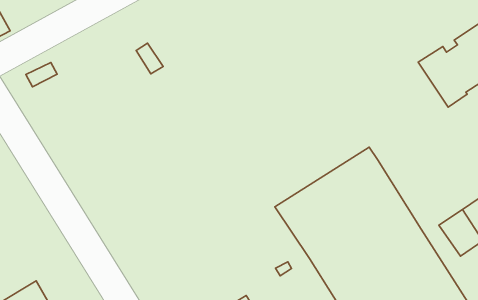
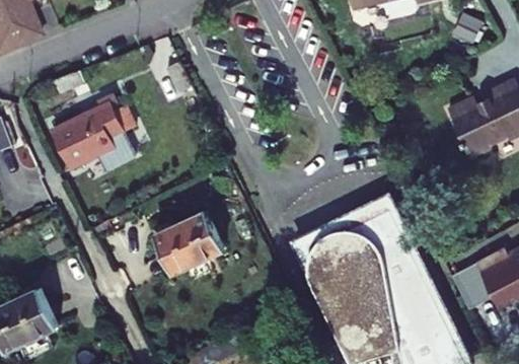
building: none -> [50,96,133,171]
building: none -> [154,213,223,274]

